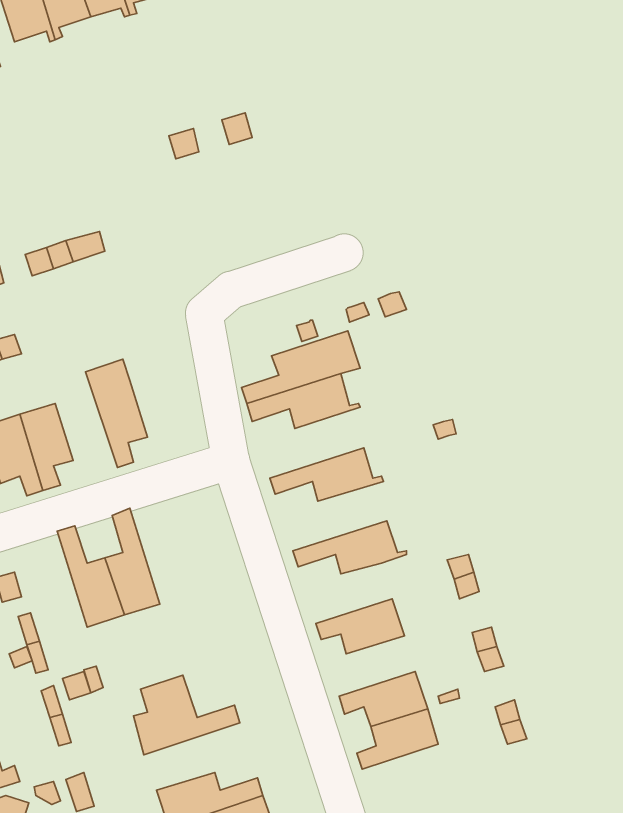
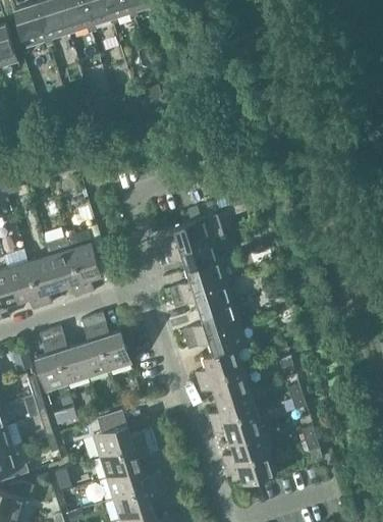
building: none -> [45,237,84,295]
building: none -> [168,257,225,298]
building: none -> [181,300,238,340]
building: none -> [91,312,129,370]
building: none -> [35,328,66,390]
building: none -> [195,347,241,381]
building: none -> [208,388,255,423]
building: none -> [99,438,157,477]
building: none -> [224,451,275,482]

